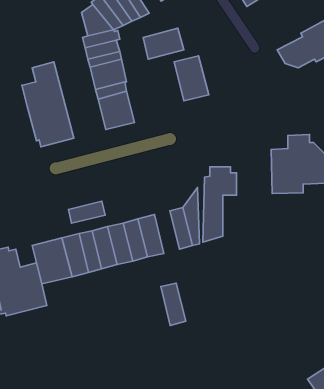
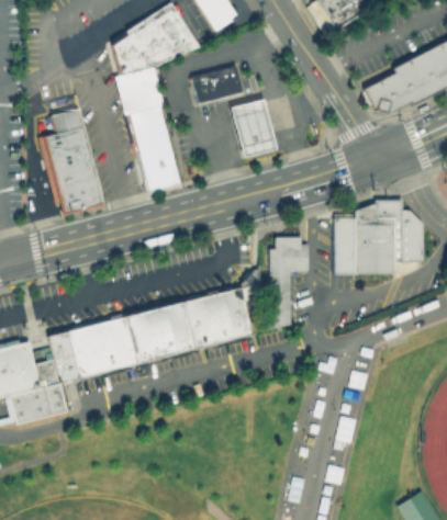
building: none -> [332,215,355,272]
building: [68,201,105,223] -> none
building: [161,283,186,325] -> [205,293,237,347]

